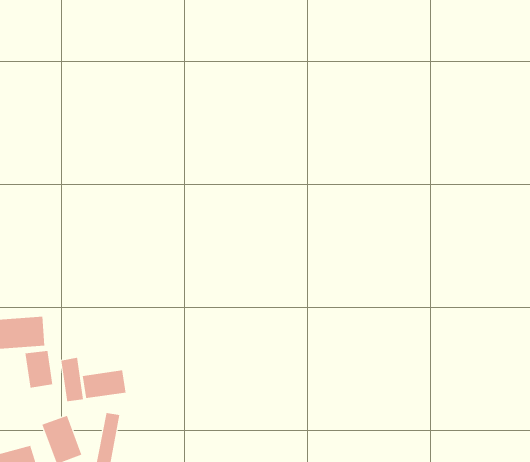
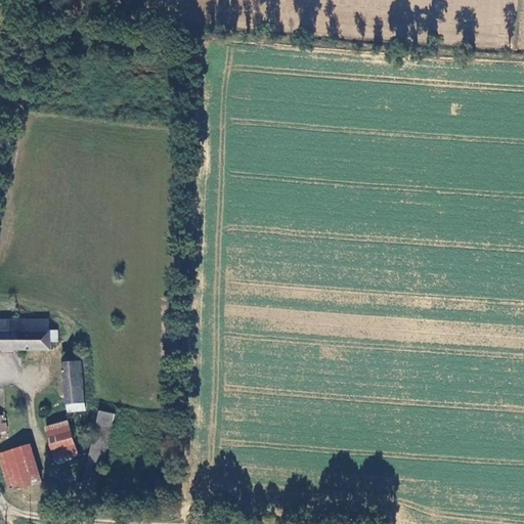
building: [25,350,53,388] -> none
building: [82,370,126,399] -> none

